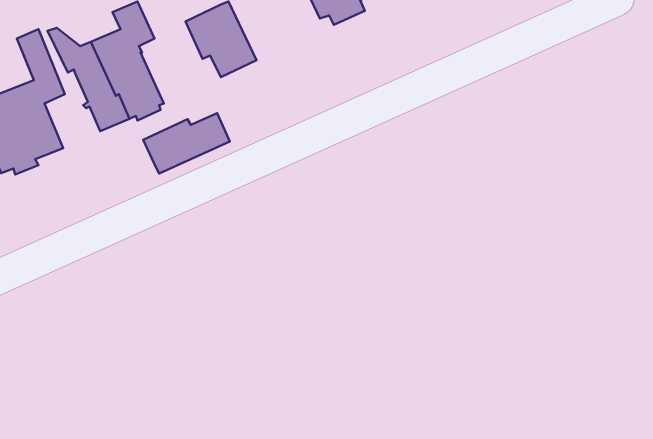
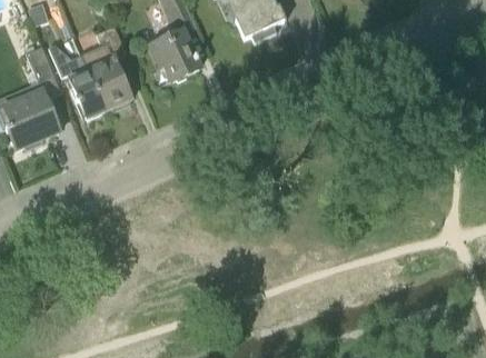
building: [143,113,230,174] -> none

